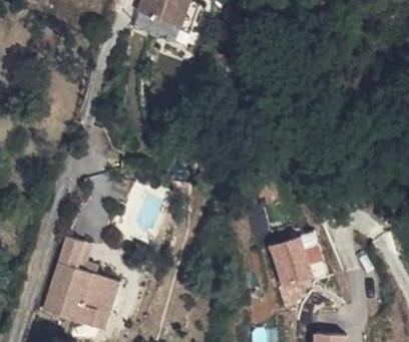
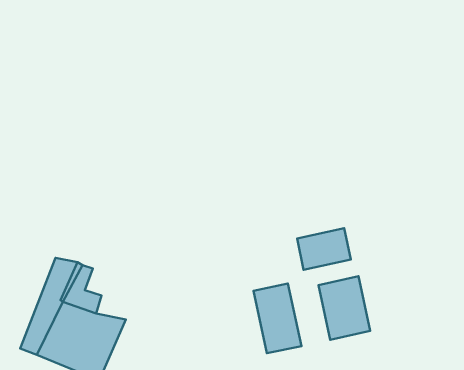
building: none -> [297,228,351,270]
building: none -> [253,284,301,353]

